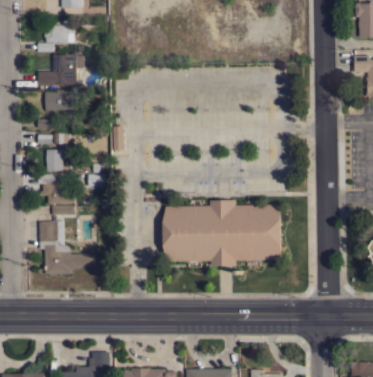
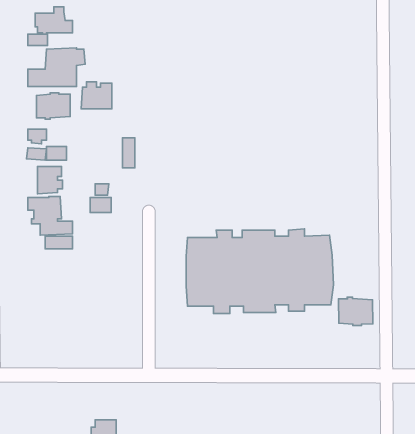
building: none -> [81,82,112,109]
building: [39,220,95,274] -> none
building: none -> [339,297,373,326]

